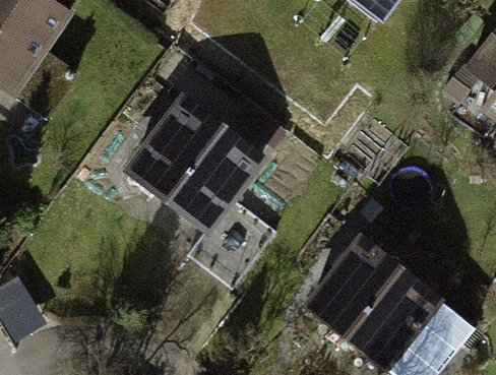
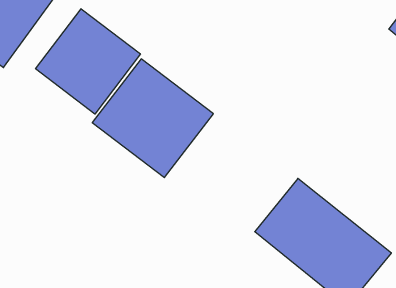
building: none -> [36,9,140,114]

